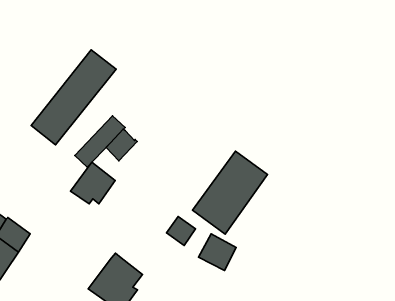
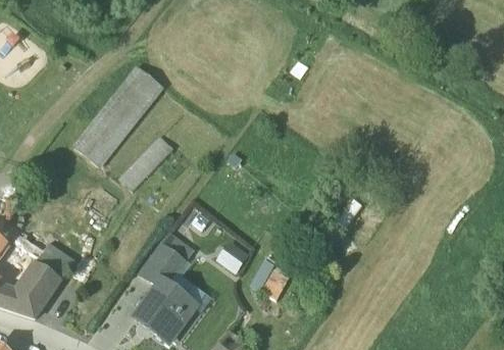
building: [106,129,137,161] -> none
building: [192,151,268,234] -> none
building: [71,162,115,204] -> [140,242,187,286]

